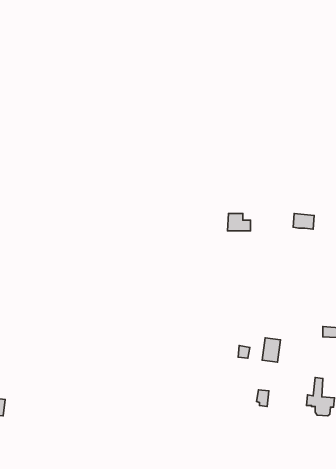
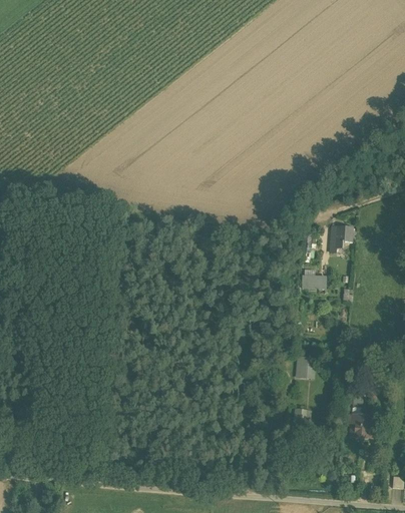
building: [227,213,251,231] -> [300,271,324,289]

